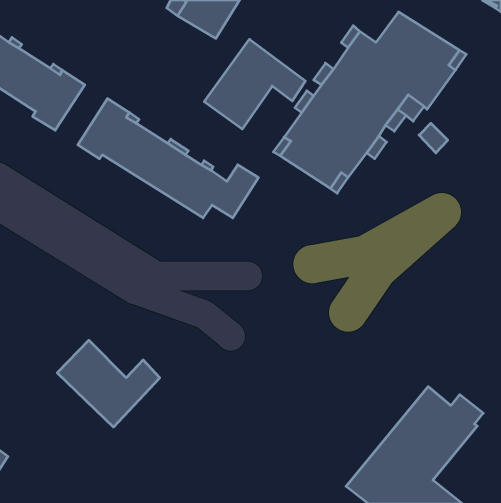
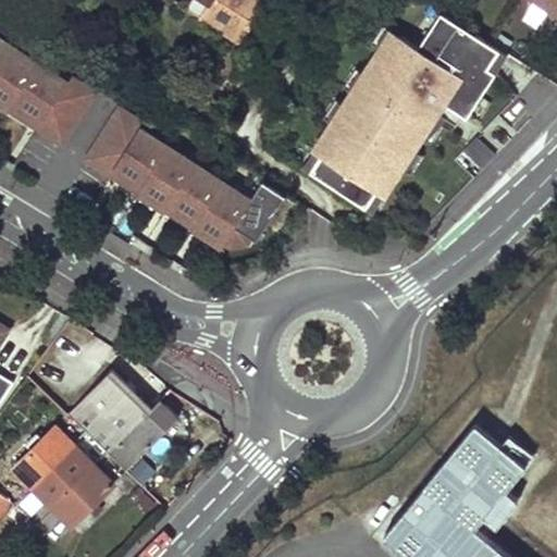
building: [204,39,305,129] -> none
building: none -> [11,426,111,527]

